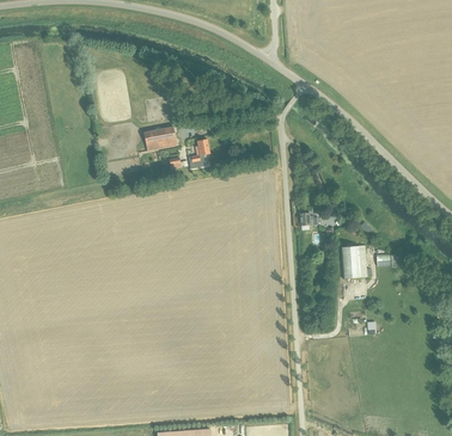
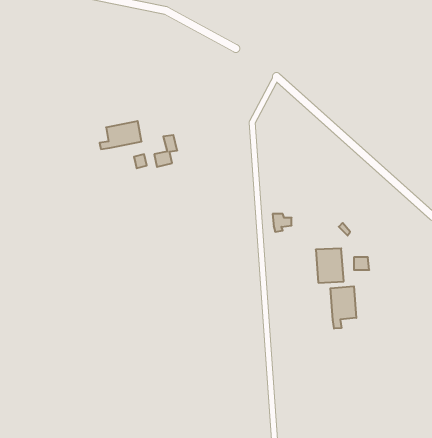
building: none -> [330,286,356,329]

